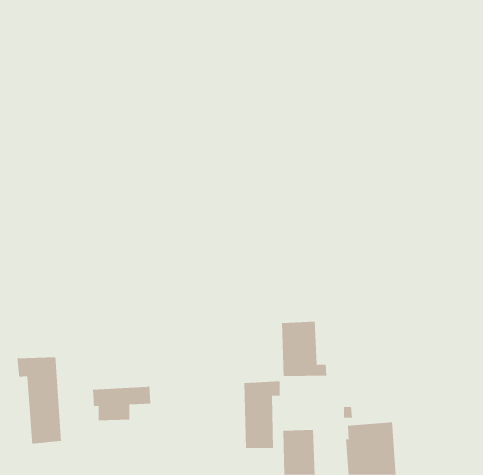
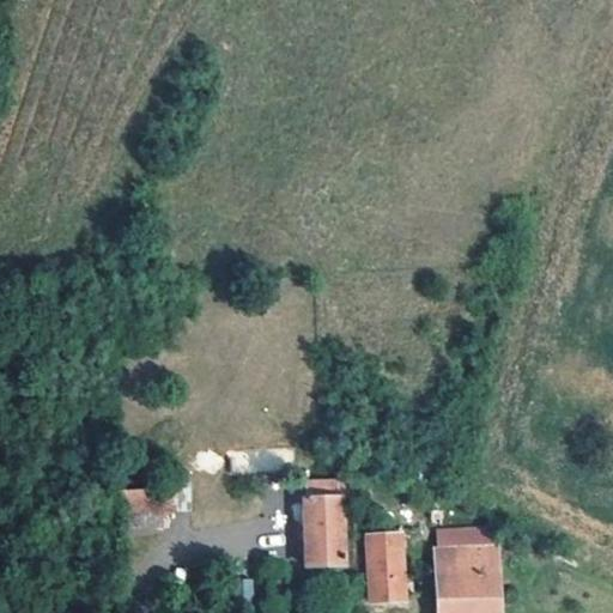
building: [282,321,327,377] -> none
building: [17,356,61,445] -> none

